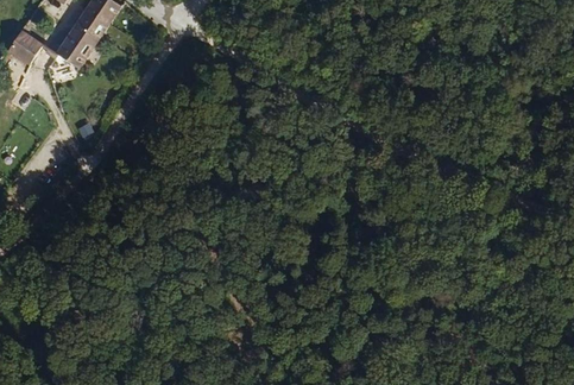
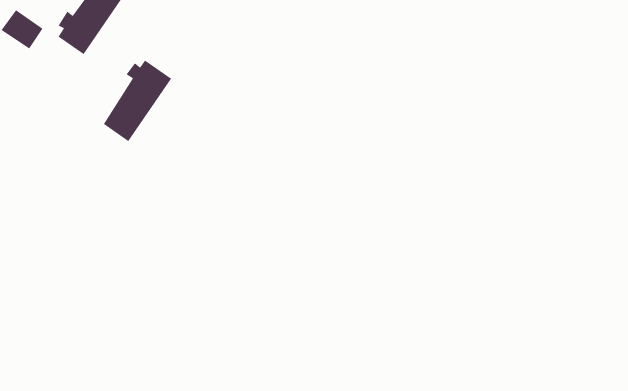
building: none -> [103,59,172,142]

